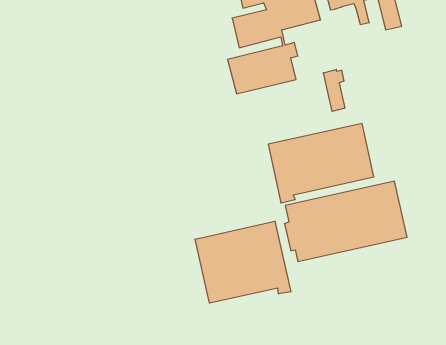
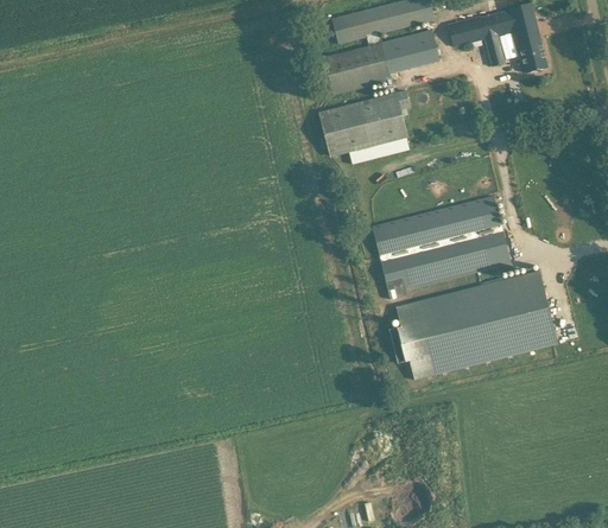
building: [323,69,345,111] -> none
building: [195,221,291,303] -> none

